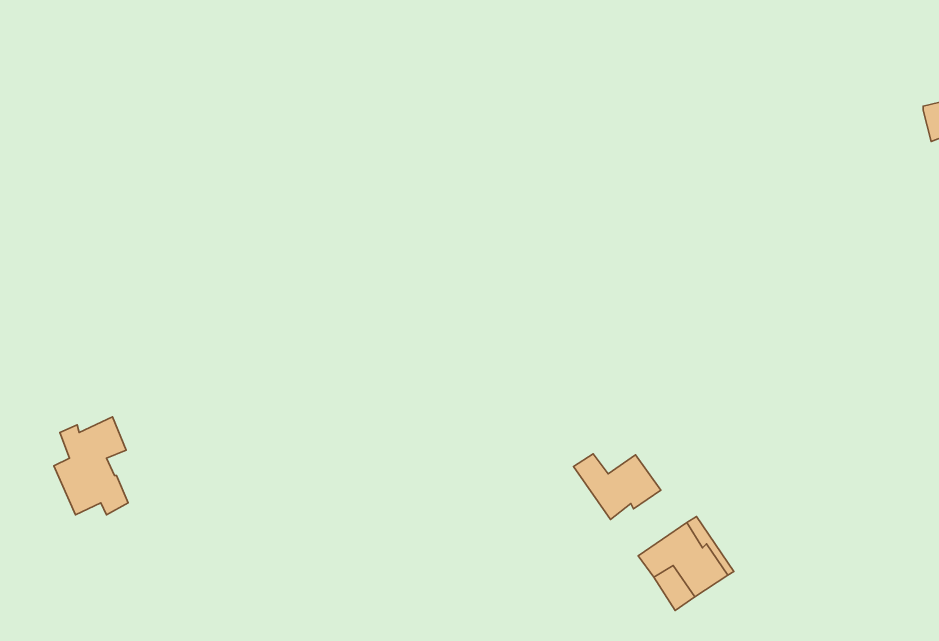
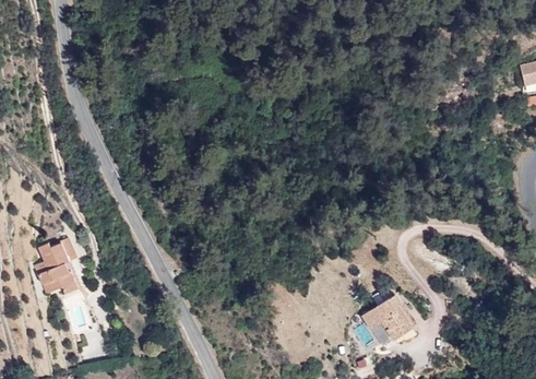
building: [573,454,661,520] -> none

